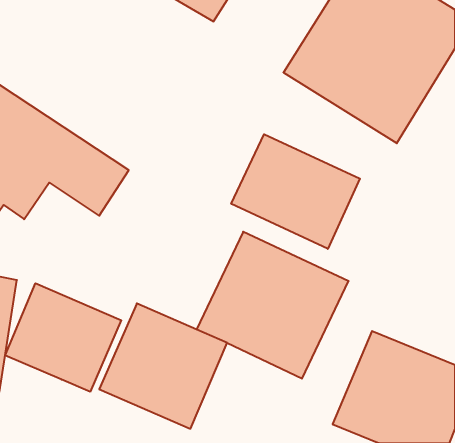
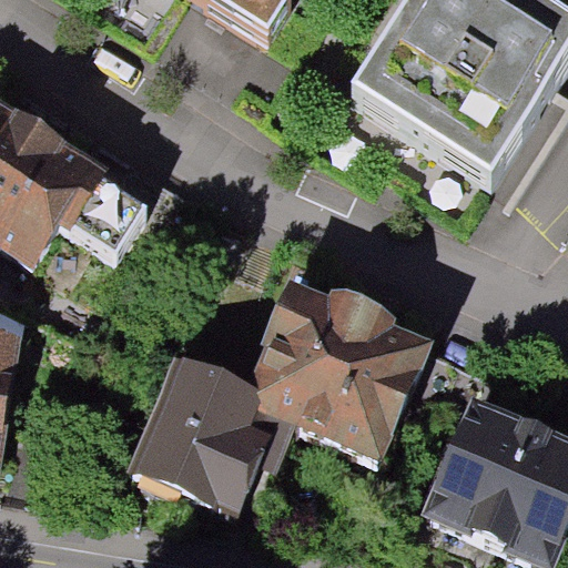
building: [231,134,360,249] -> none
building: [5,283,121,392] -> none

